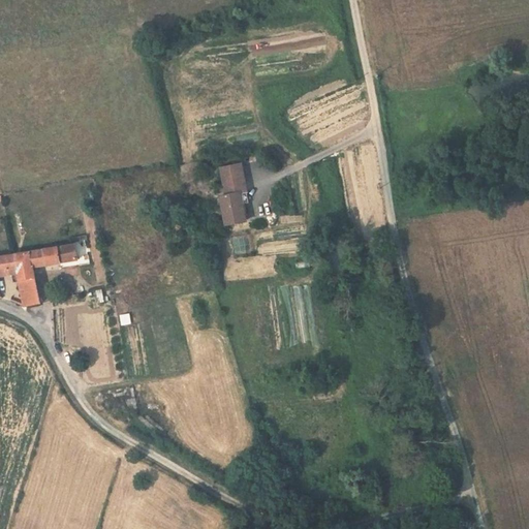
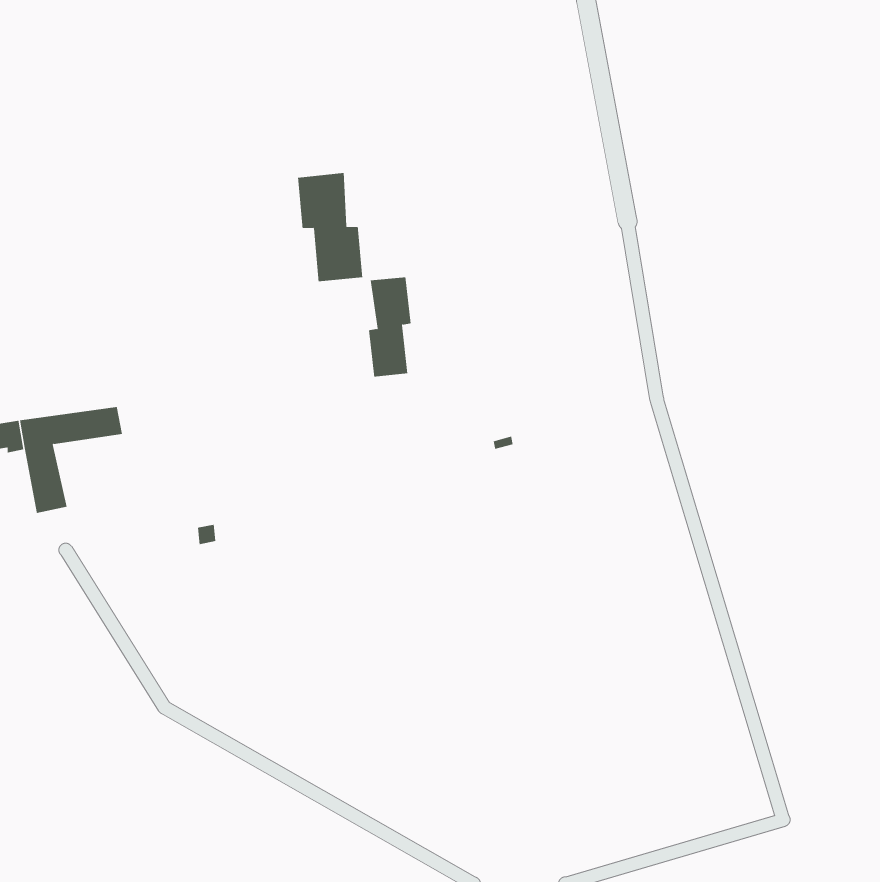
building: none -> [298,172,363,282]

